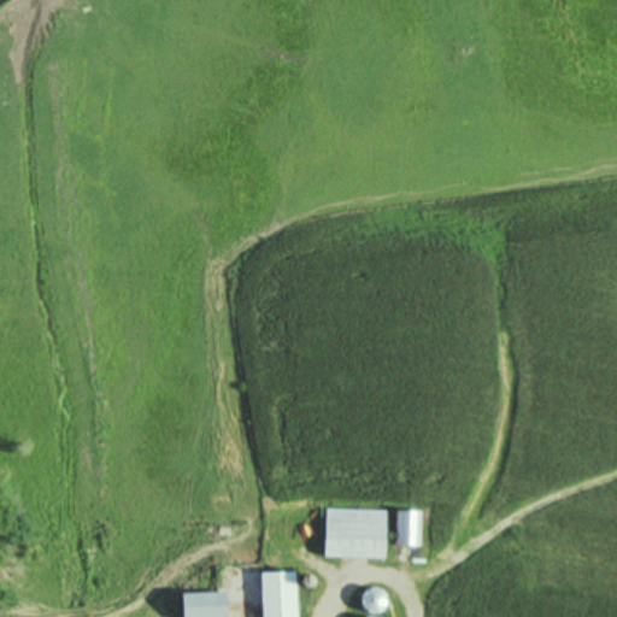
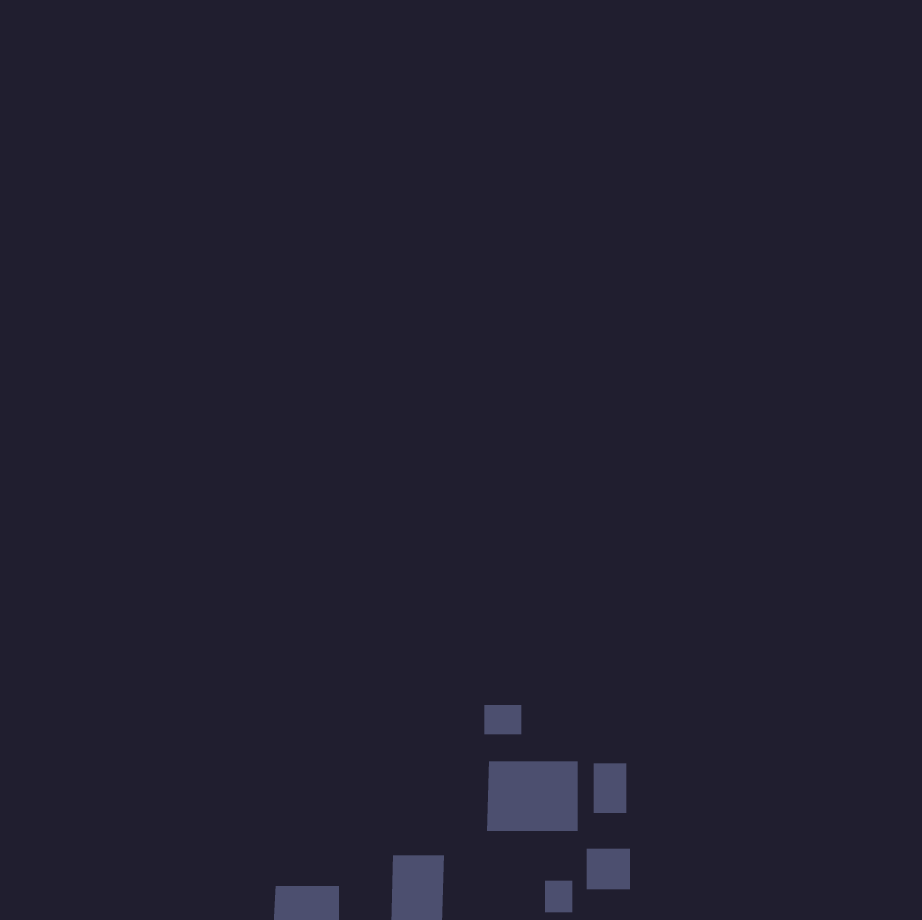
building: none -> [484,704,522,735]
building: none -> [586,848,630,890]

